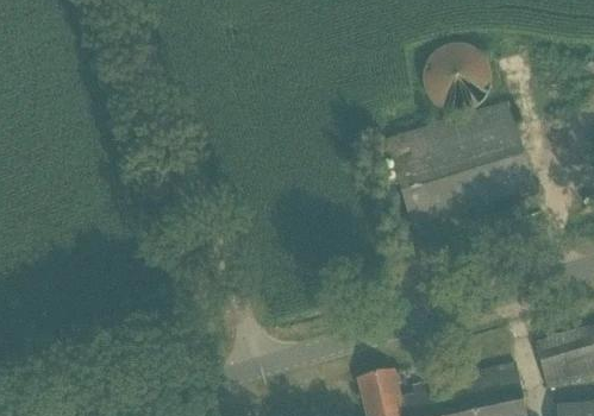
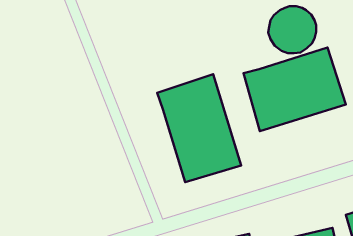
building: none -> [157,74,241,182]

